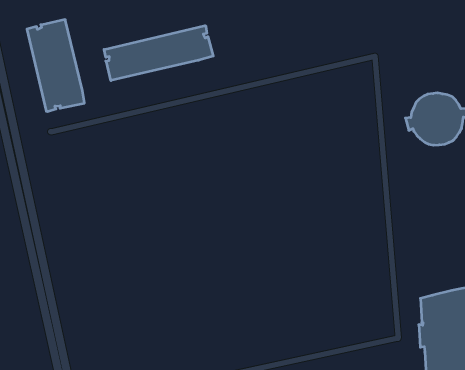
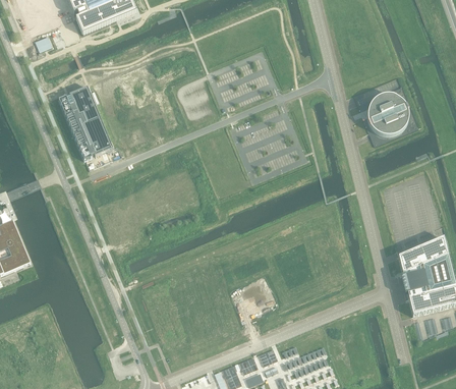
building: [104,26,213,81] -> none

